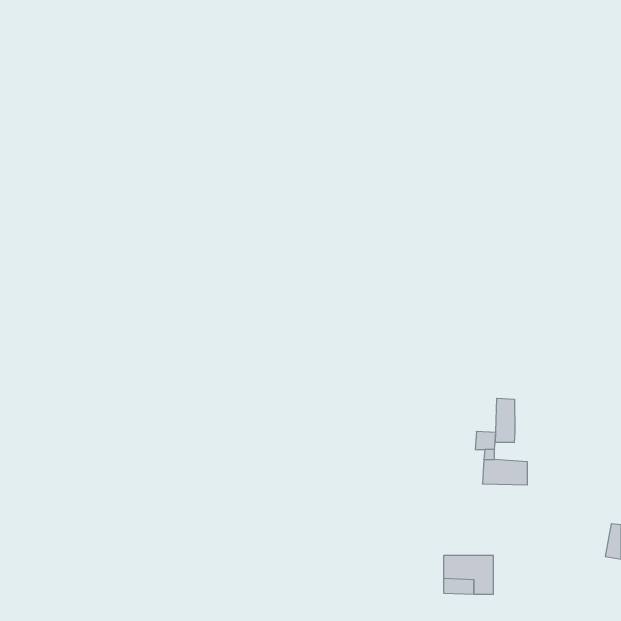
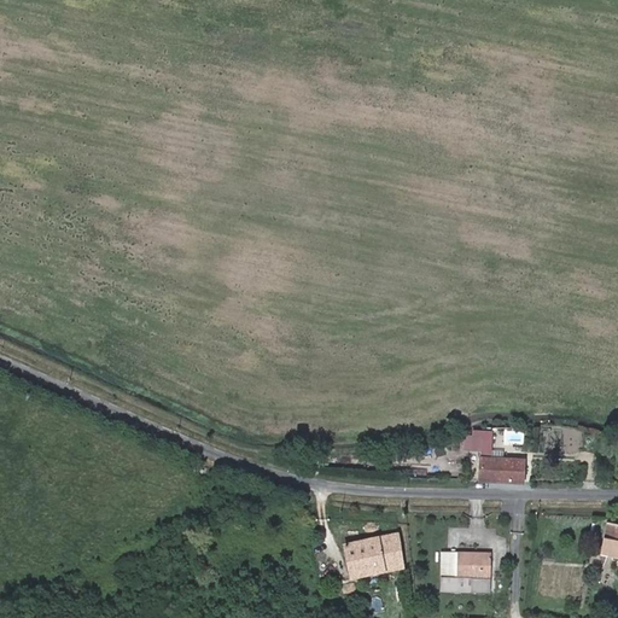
building: [496,398,515,443] -> none
building: none -> [345,532,404,577]

